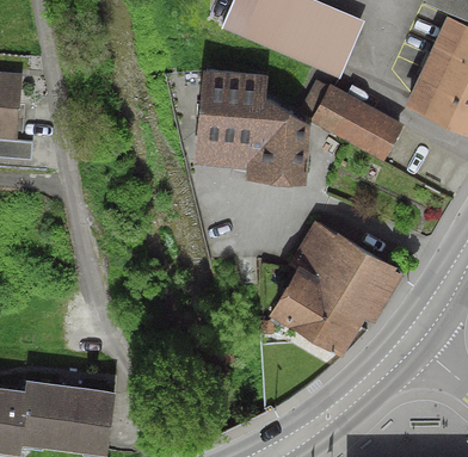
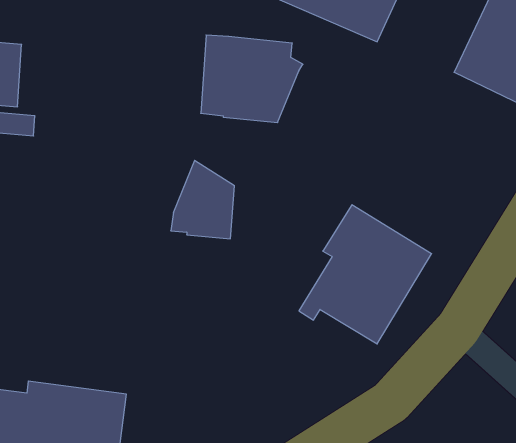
building: [314,88,399,156] -> none
building: [248,103,306,173] -> [171,160,234,239]

